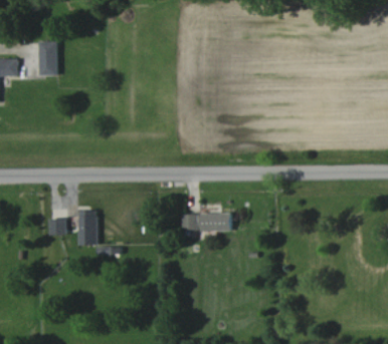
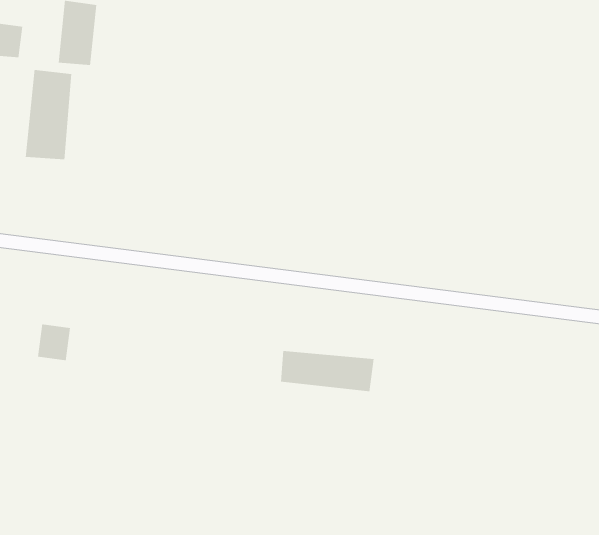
building: none -> [25,69,72,160]
building: [78,210,96,245] -> none

